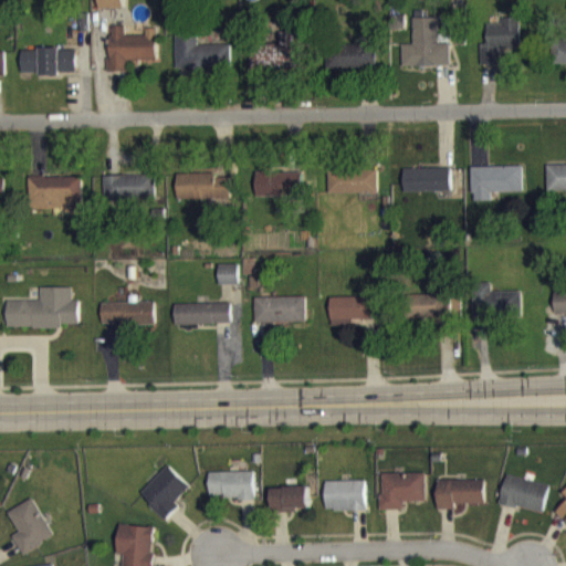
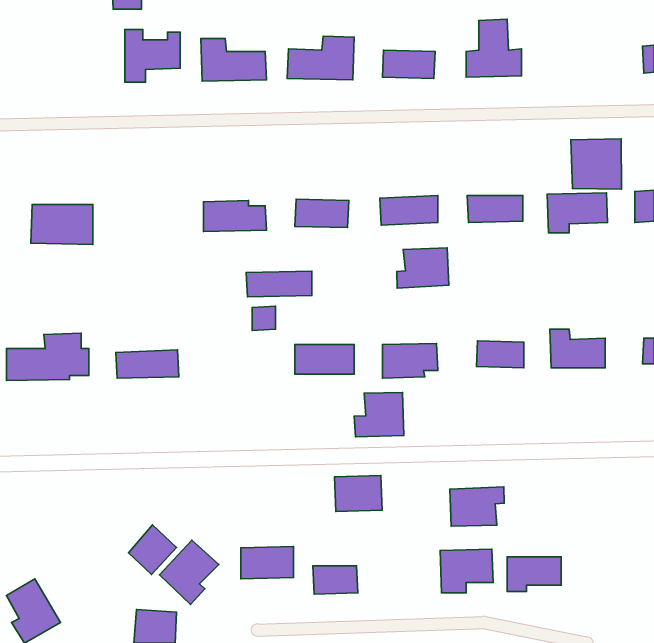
building: [479,17,518,65] -> none
building: [19,49,74,73] -> none
building: none -> [571,139,622,189]
building: [102,172,154,200] -> none
building: none -> [397,248,449,288]
building: [172,302,229,324] -> [246,271,312,297]
building: none -> [354,392,404,437]
building: none -> [450,487,504,526]
building: none -> [129,525,177,575]
building: [497,474,547,513] -> none
building: [323,480,364,511] -> [334,475,382,511]

